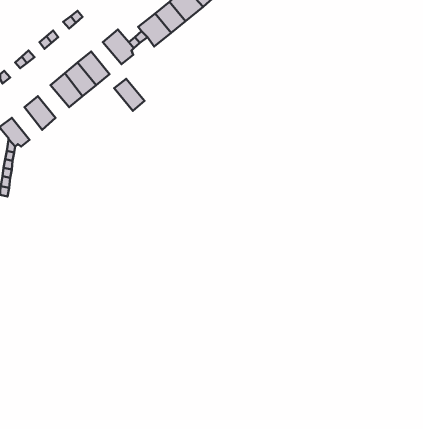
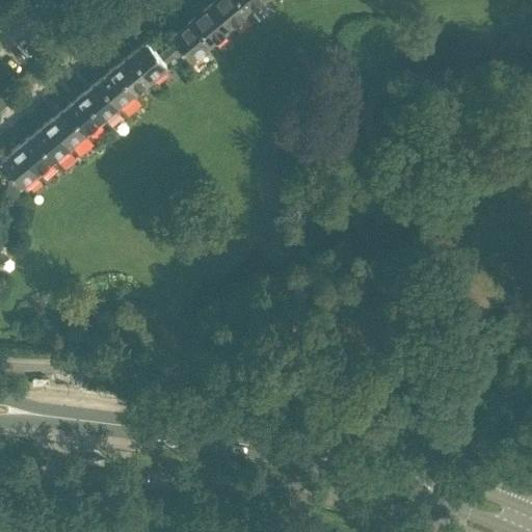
building: [114,79,145,111] -> [122,52,159,91]
building: none -> [56,105,95,145]
building: none -> [24,132,61,172]

